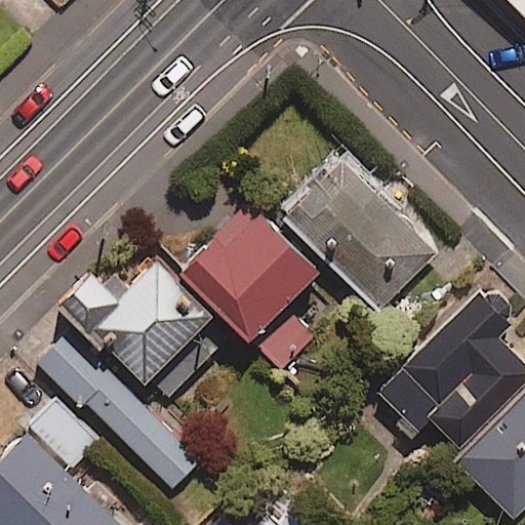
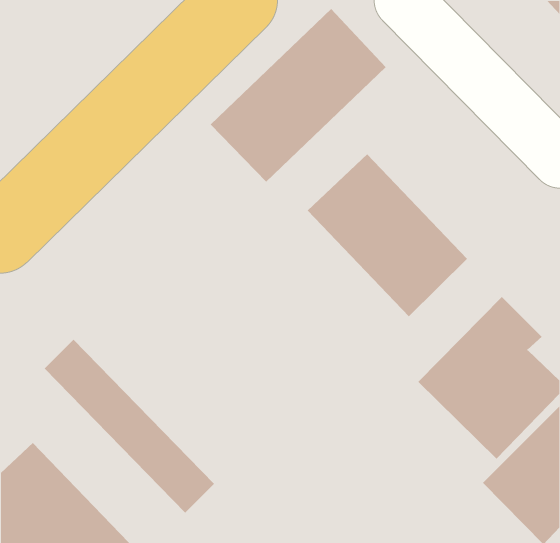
building: none -> [210,8,386,183]
building: [187,196,322,331] -> none
building: [62,255,214,380] -> none

